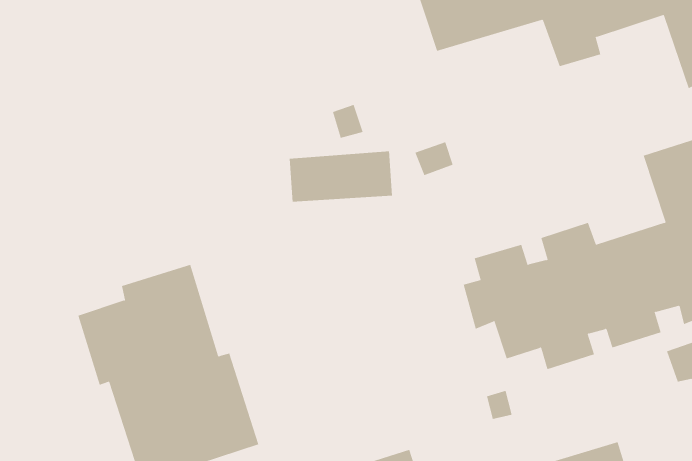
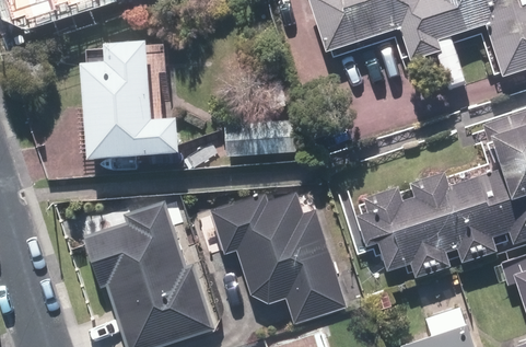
building: none -> [96,42,194,159]
building: none -> [208,192,342,322]

